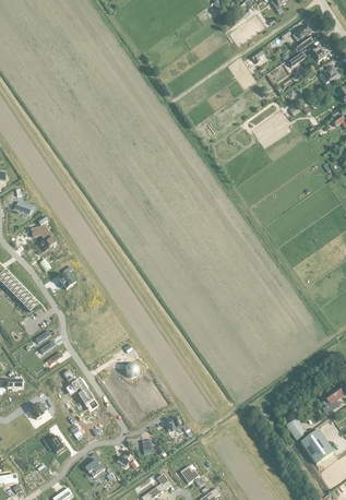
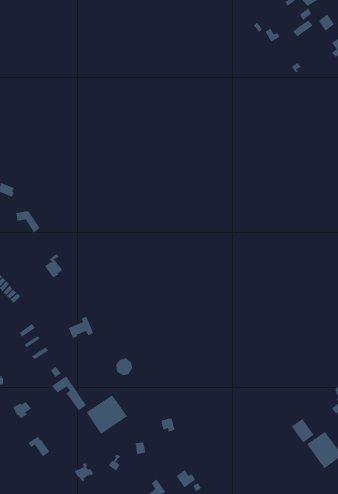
building: none -> [86,395,128,435]

